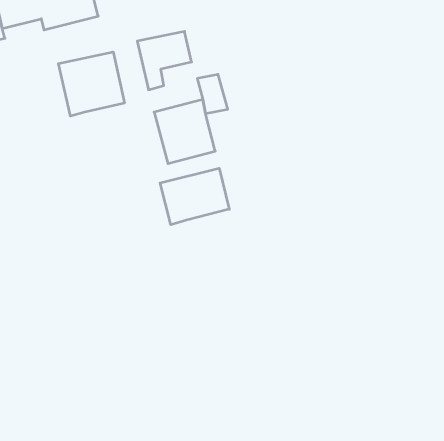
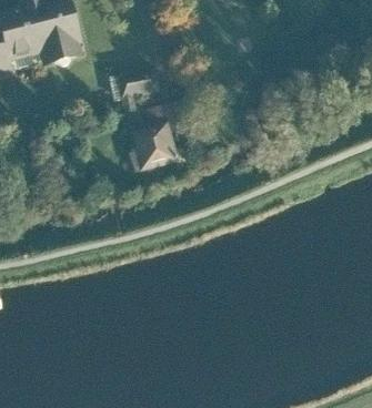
building: [58,52,124,116] -> none
building: [160,168,229,225] -> none

